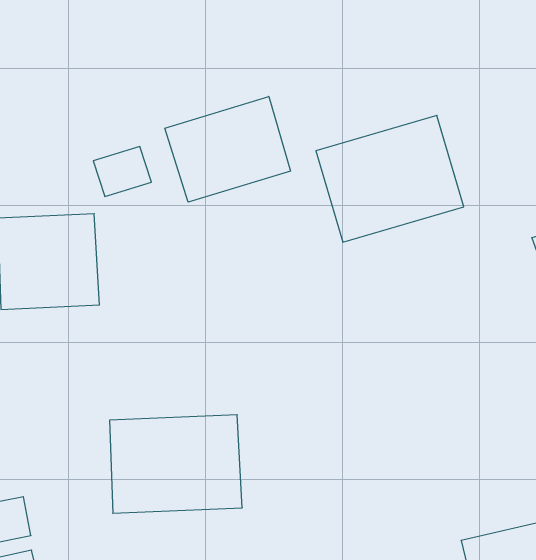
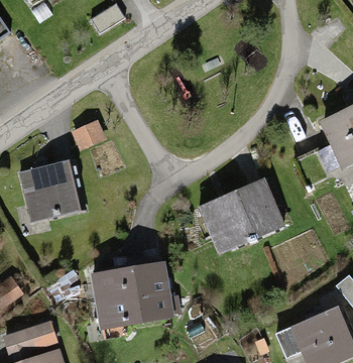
building: [165,96,290,202] -> none
building: [316,115,464,242] -> [200,179,284,254]

